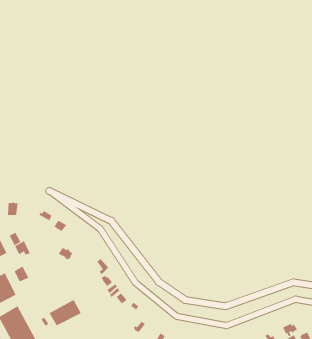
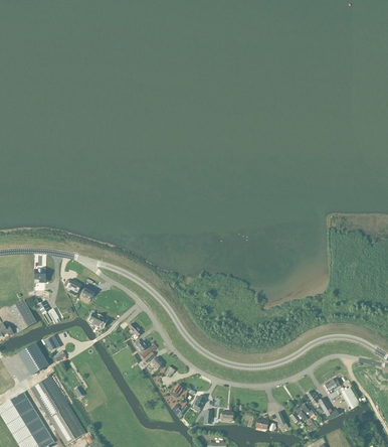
building: [49,299,82,326] -> none

